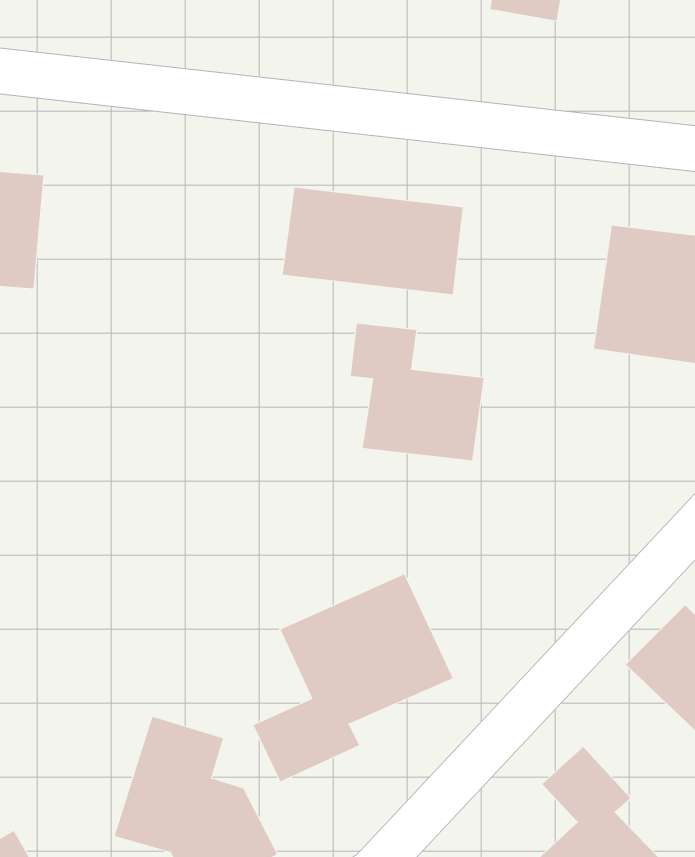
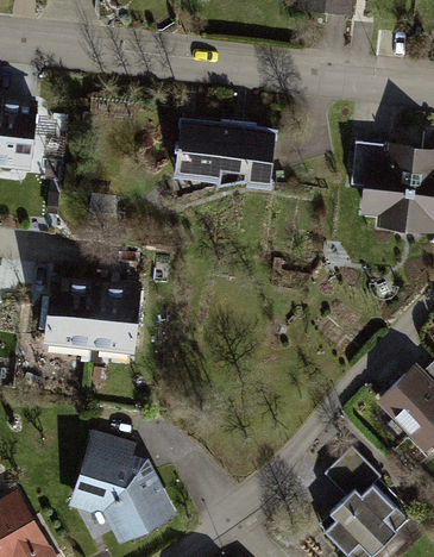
building: [350,323,484,461] -> none
building: none -> [34,280,134,359]
building: [253,573,453,782] -> none

